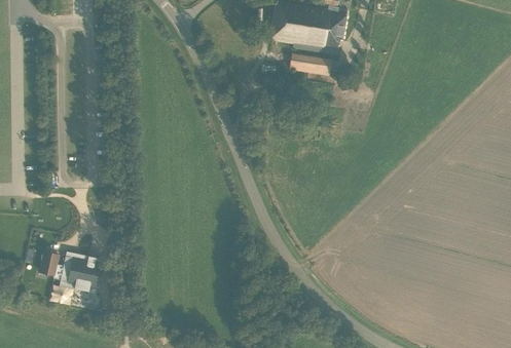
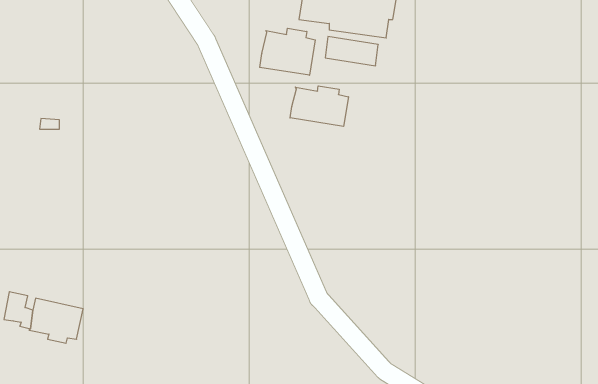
building: none -> [260,28,315,75]
building: none -> [290,86,348,126]

